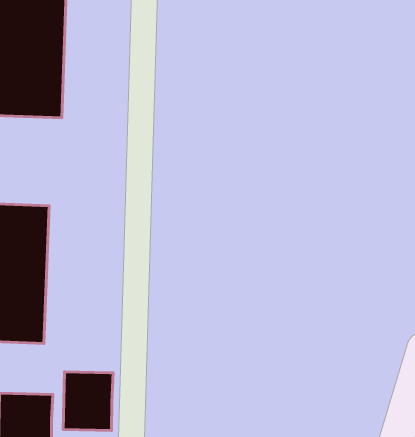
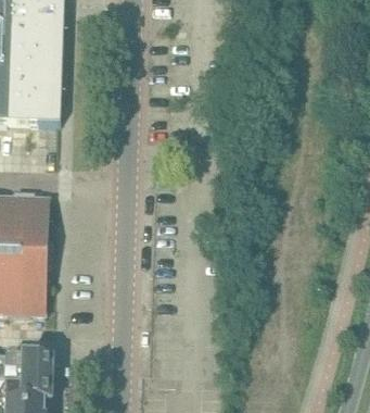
building: [63,372,113,431] -> none

